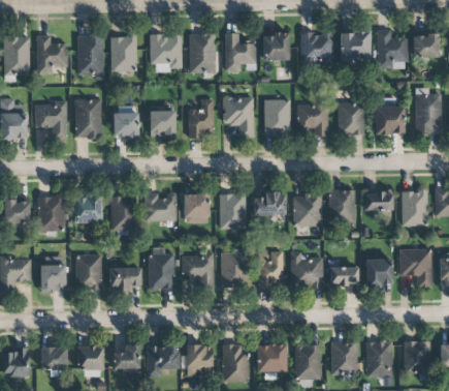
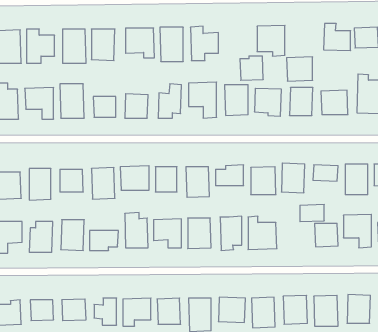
building: [340,31,370,59] -> [287,57,313,81]
building: [262,32,289,60] -> [240,56,263,80]
building: [330,266,358,285] -> [300,205,324,222]

